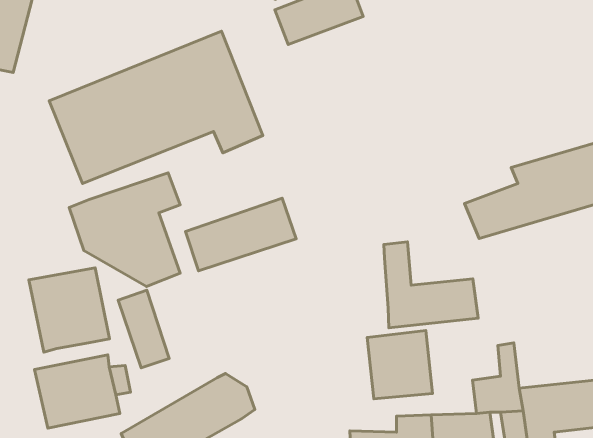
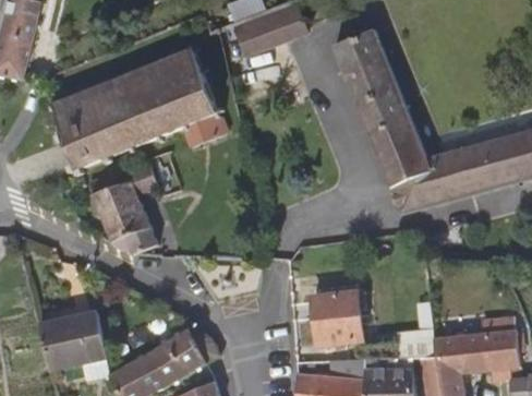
building: none -> [332,28,433,187]
building: [186,198,296,271] -> none
building: [384,242,478,328] -> none
building: [29,268,110,352] -> none
building: [118,290,169,368] -> none

